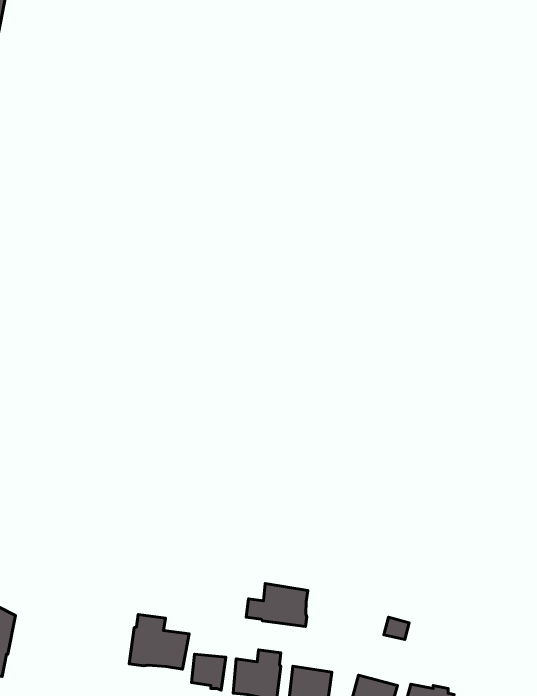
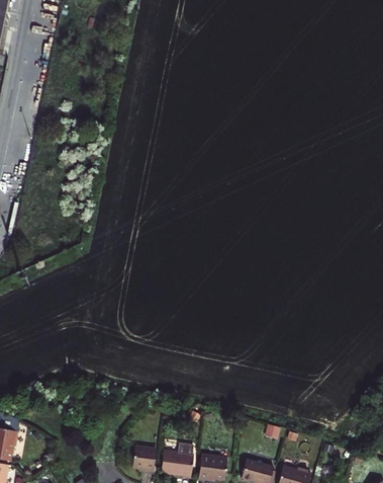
building: [246,584,308,627] -> none
building: [129,614,189,669] -> none

